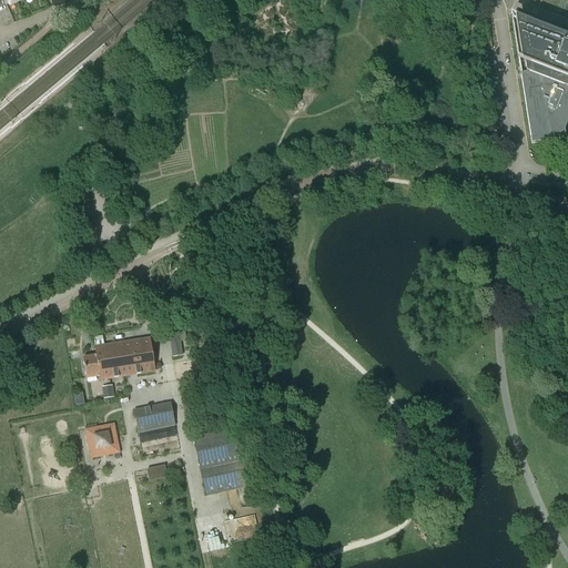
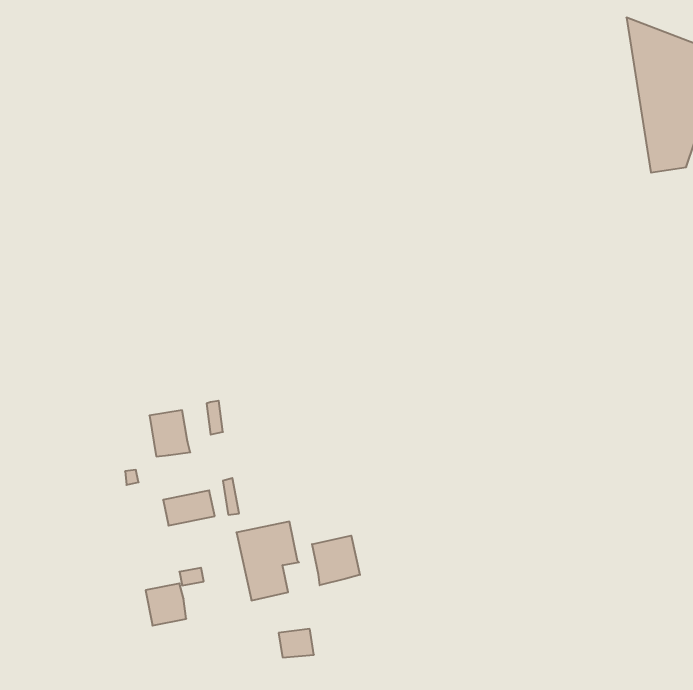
building: [83,339,129,377] -> none
building: [87,422,120,456] -> [146,583,186,626]
building: none -> [312,536,360,585]

